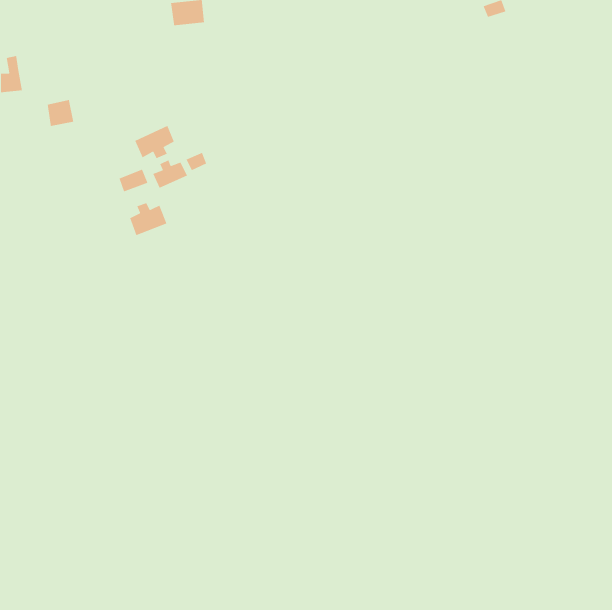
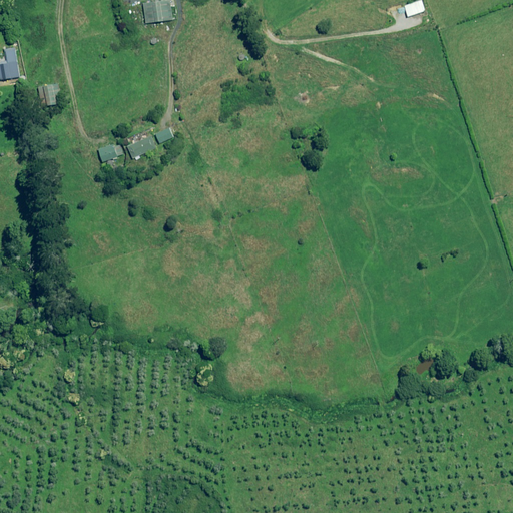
building: [134,125,175,159] -> none
building: [129,202,167,236] -> none

